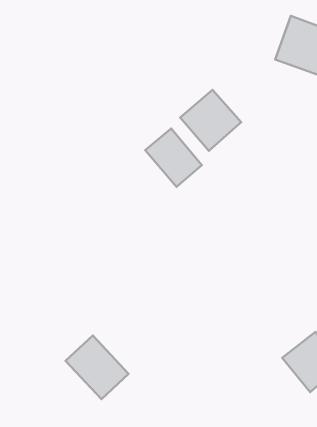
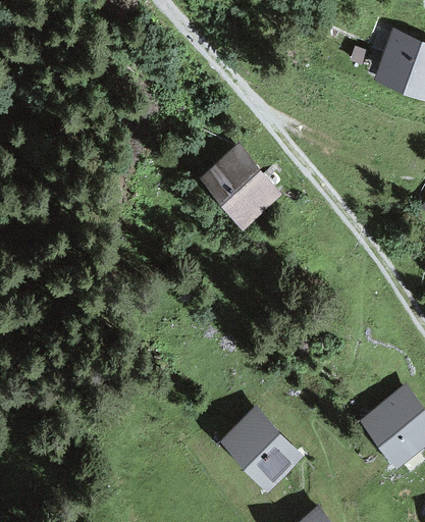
building: [180,90,241,151] -> none
building: [66,335,128,399] -> [225,414,299,488]

